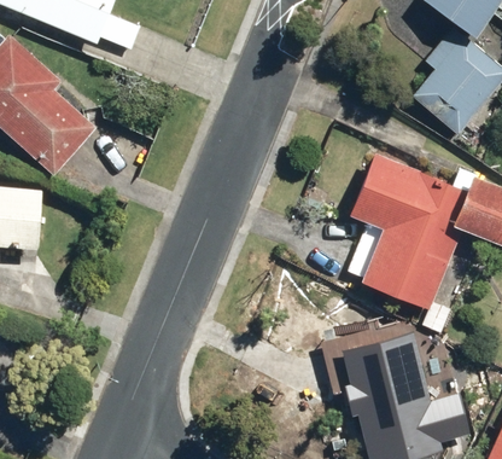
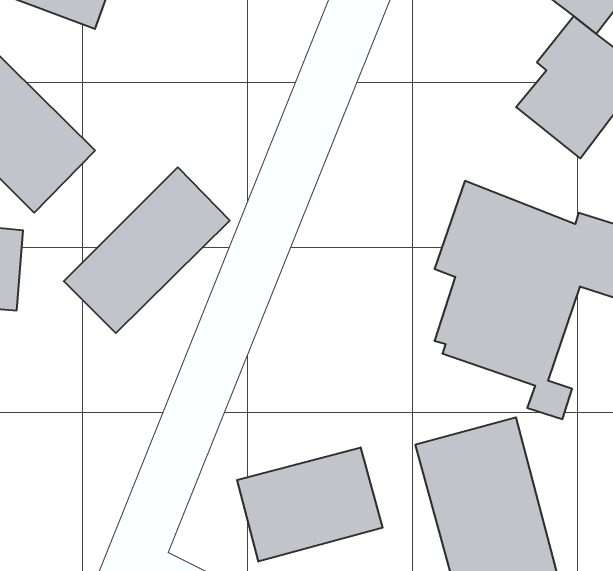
building: none -> [64,167,230,333]
building: none -> [237,447,383,562]

